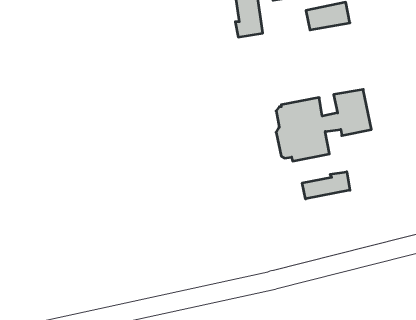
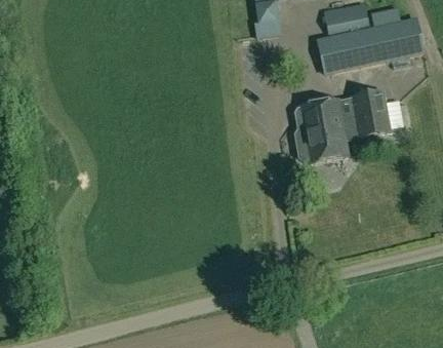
building: none -> [319,18,424,73]
building: [302,172,350,199] -> none

